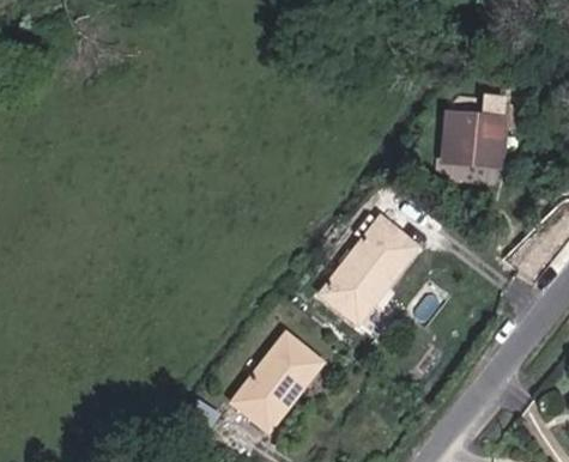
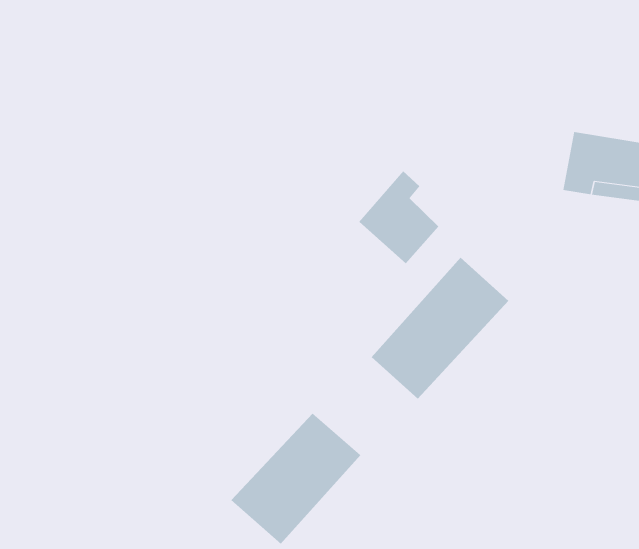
building: none -> [359,171,439,264]

